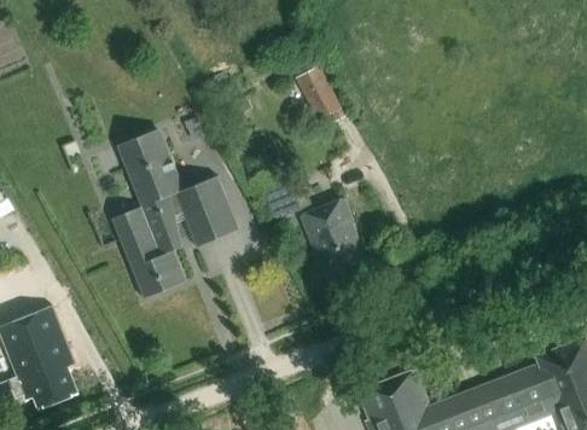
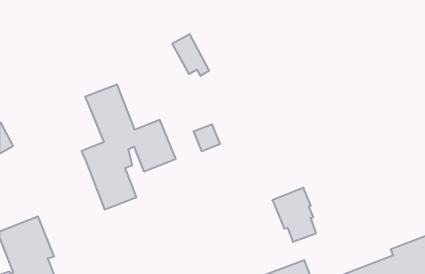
building: [298,68,349,124] -> [172,34,209,76]
building: [300,198,359,272] -> [272,188,316,242]

